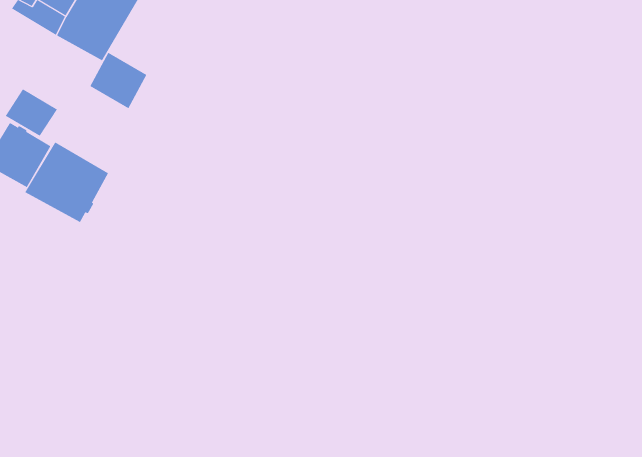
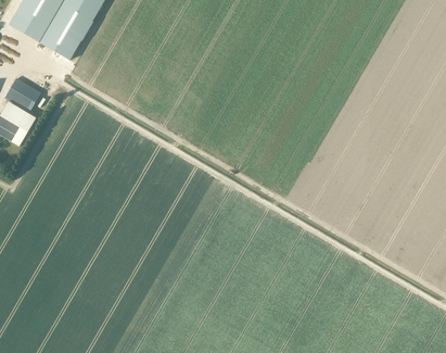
building: [90,52,147,109] -> none
building: [24,142,109,223] -> none

